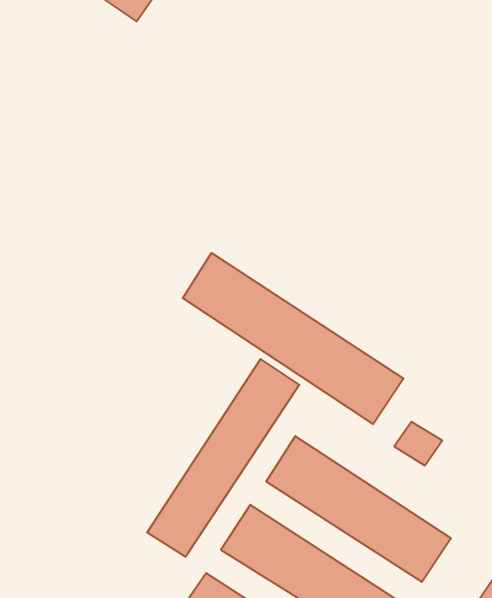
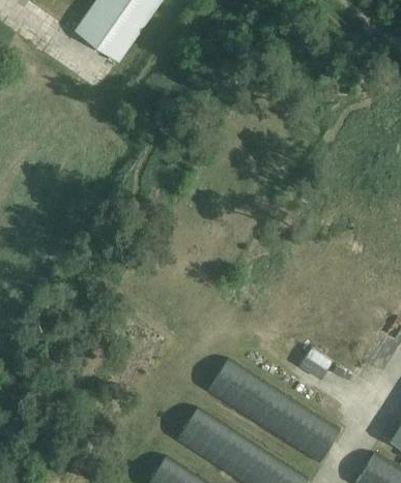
building: [183,253,404,424] -> none
building: [147,359,299,557] -> none

